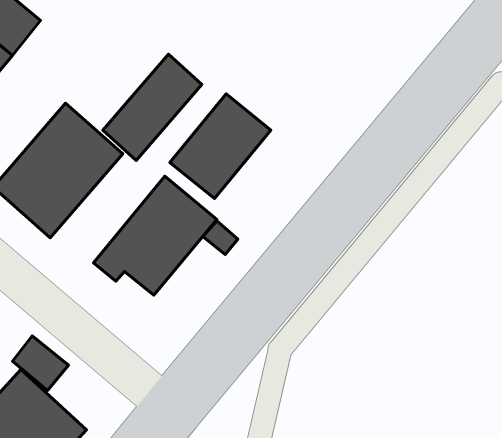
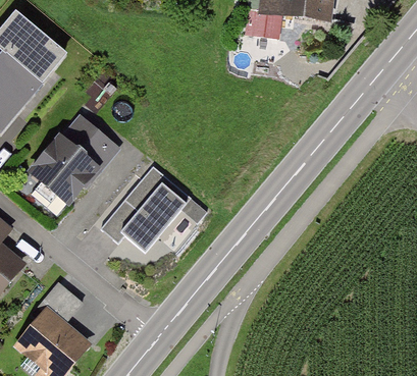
building: [103,54,202,160] -> none
building: [170,94,271,199] -> none

